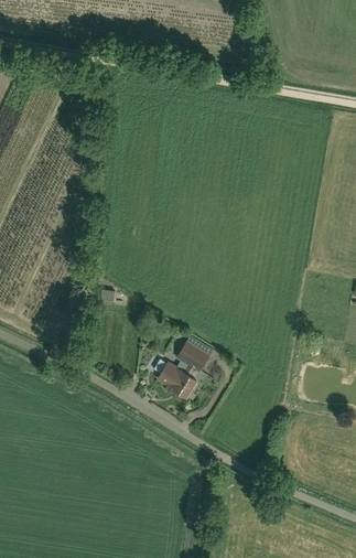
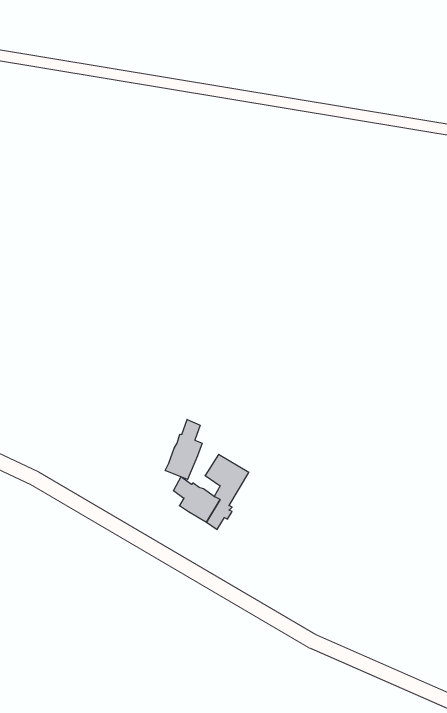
building: none -> [165,419,202,480]

